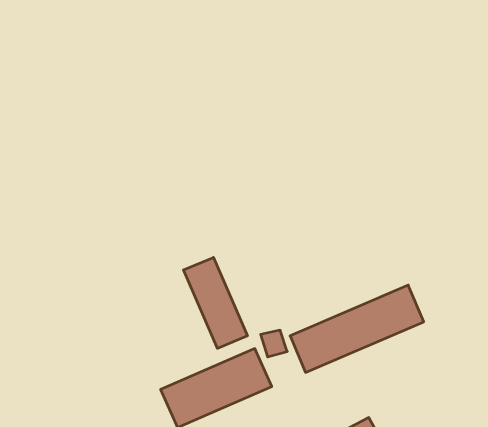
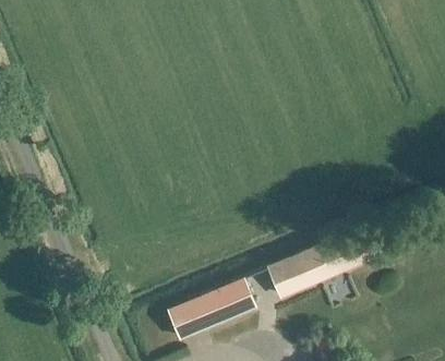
building: [183,257,247,348] -> none

